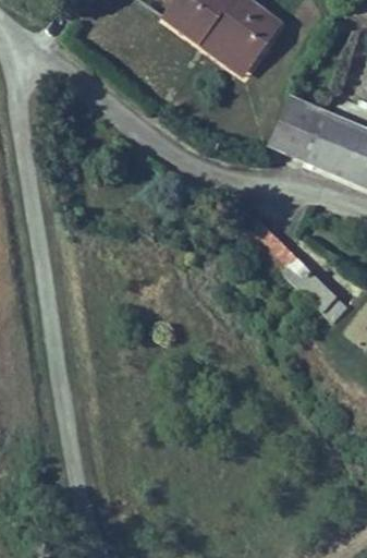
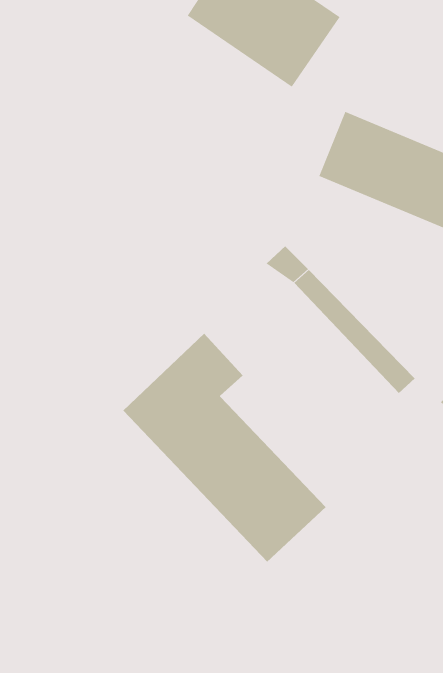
building: none -> [123,333,327,562]

